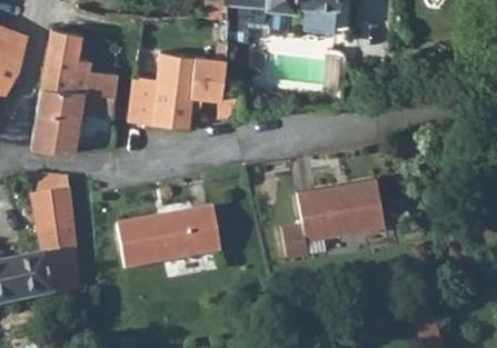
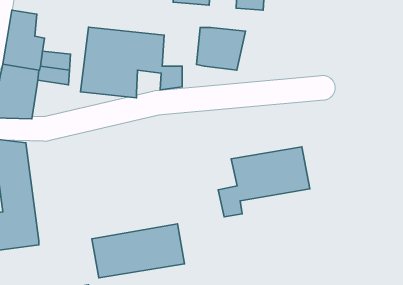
building: none -> [196,27,245,70]
building: [118,207,221,267] -> [92,224,185,278]

